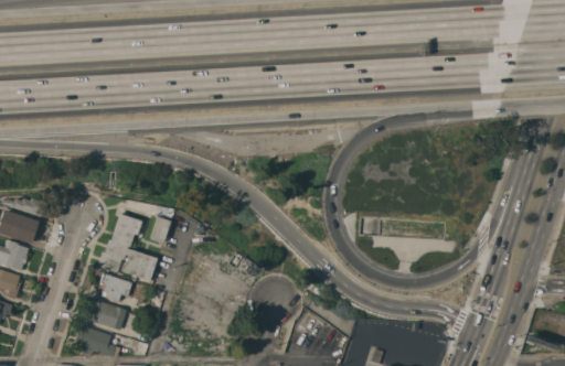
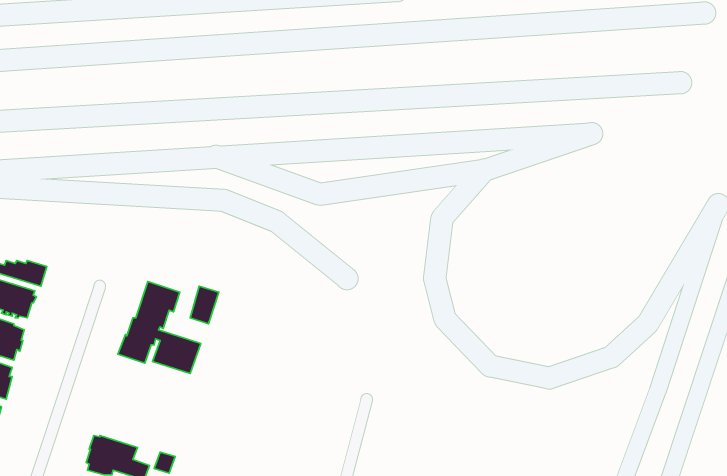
building: [97,272,143,303] -> none
building: [87,299,126,331] -> none

